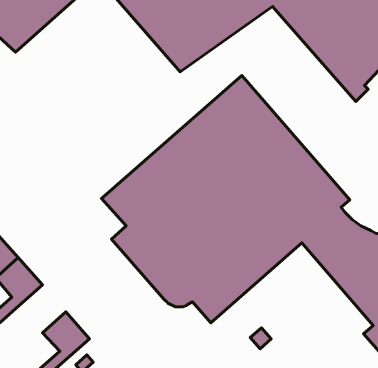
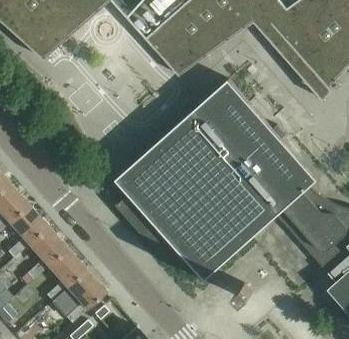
building: none -> [46,248,86,301]

